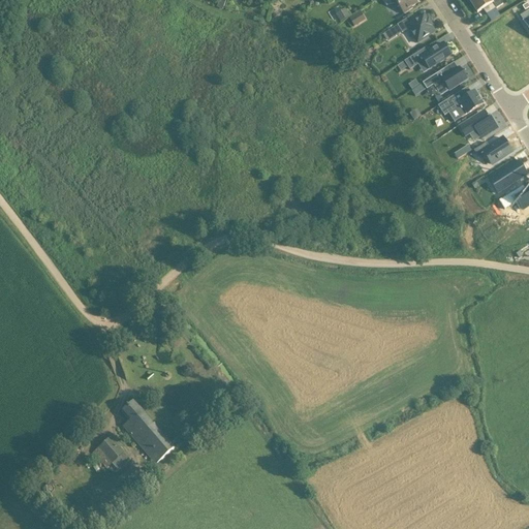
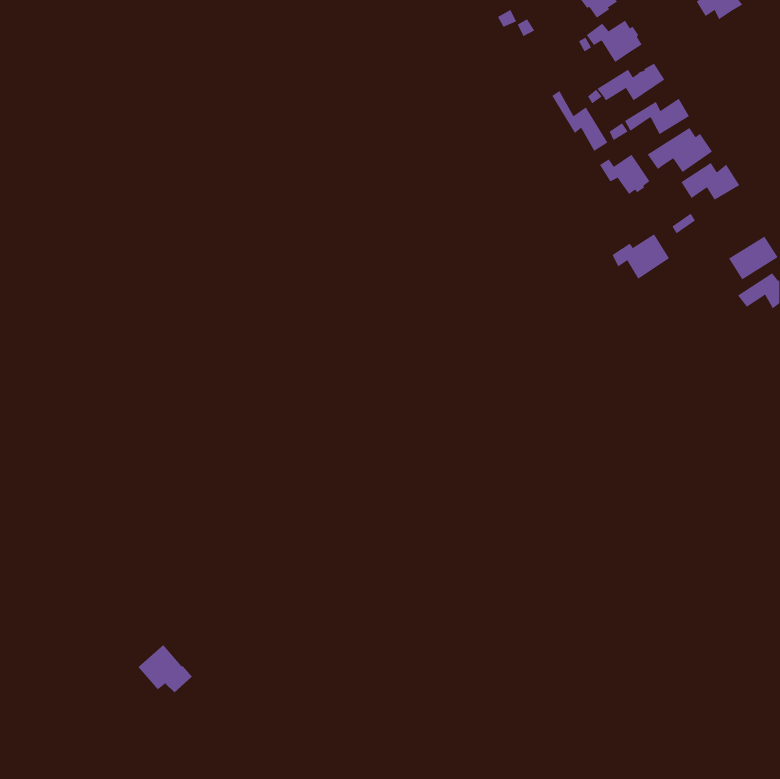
building: none -> [552,90,608,152]
building: none -> [599,154,650,195]
building: [473,134,512,165] -> [612,234,670,279]
building: [121,399,175,463] -> none

